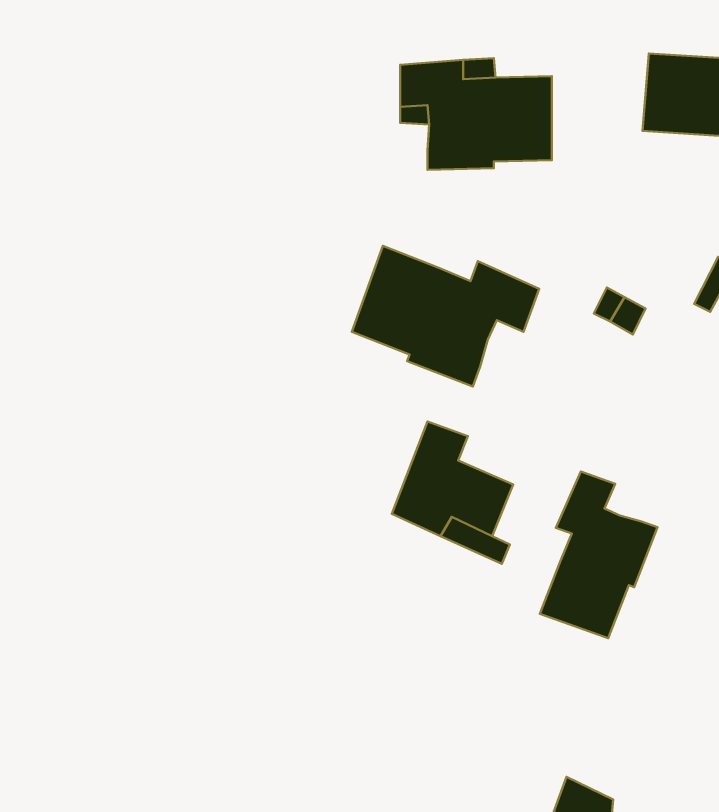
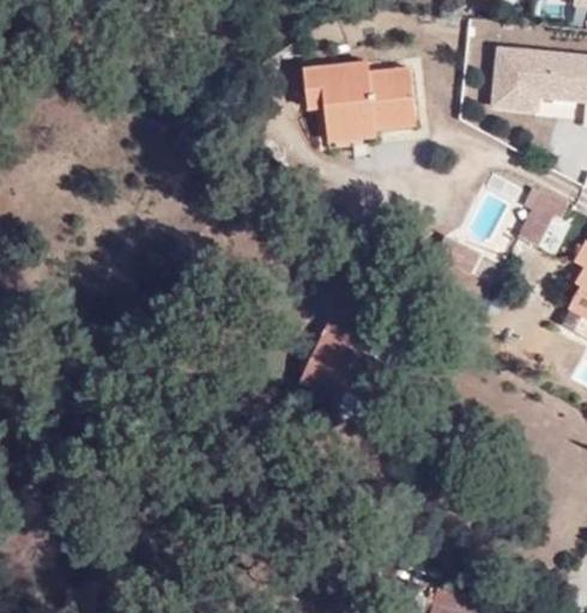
building: [352,246,539,386] -> none
building: [540,472,657,638] -> none

